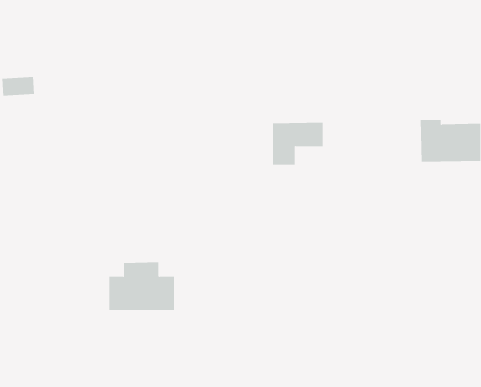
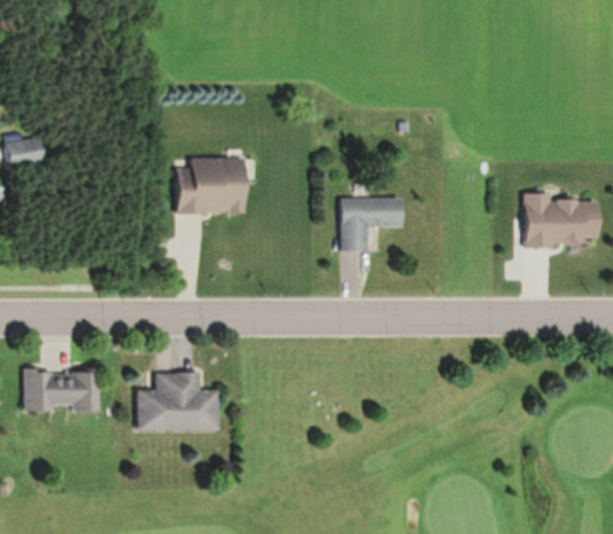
building: none -> [176,158,247,214]
building: none -> [22,368,98,410]

